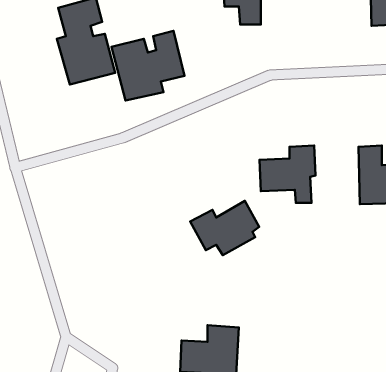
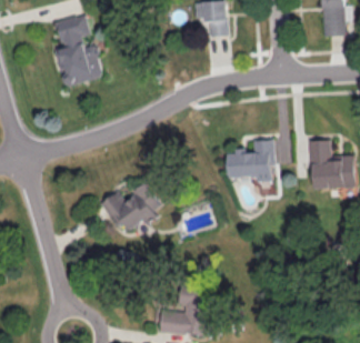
building: [112,31,185,100] -> none
building: [190,201,259,255] -> [100,183,159,230]

